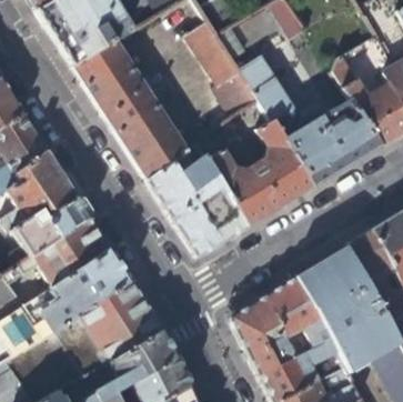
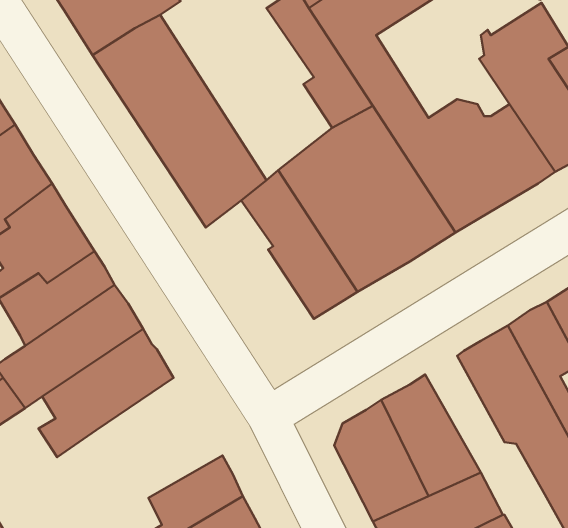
building: [150,163,221,255] -> none
building: [294,265,373,370] -> none
building: [78,280,161,361] -> none

